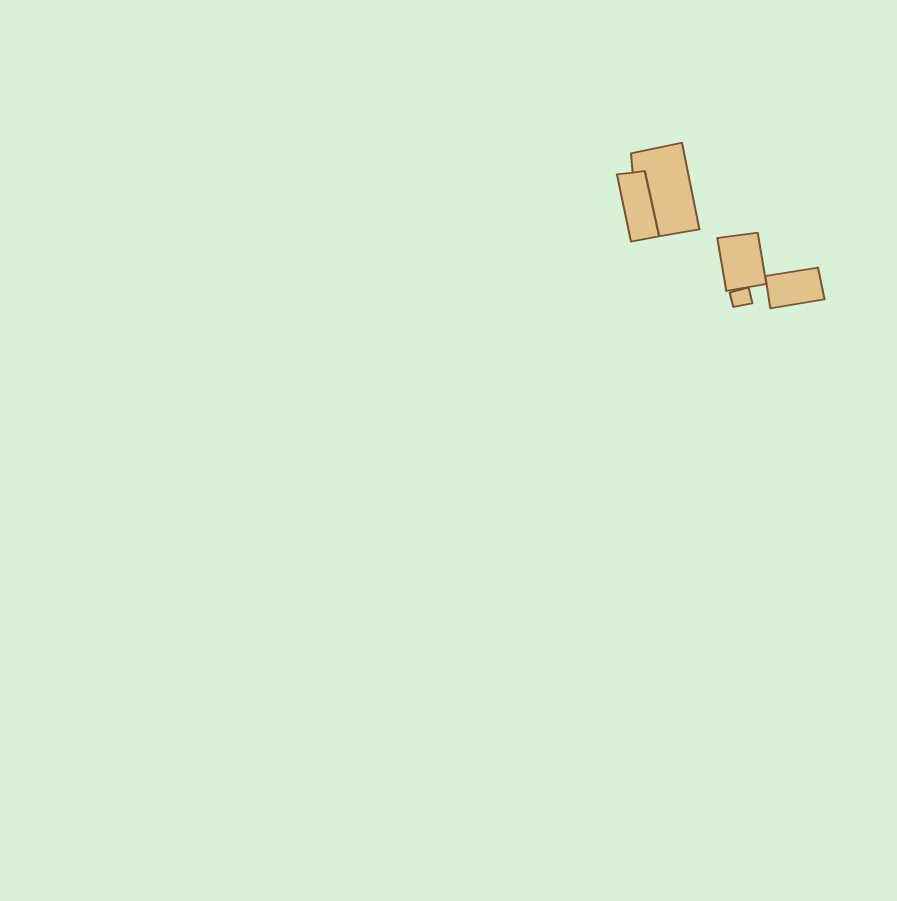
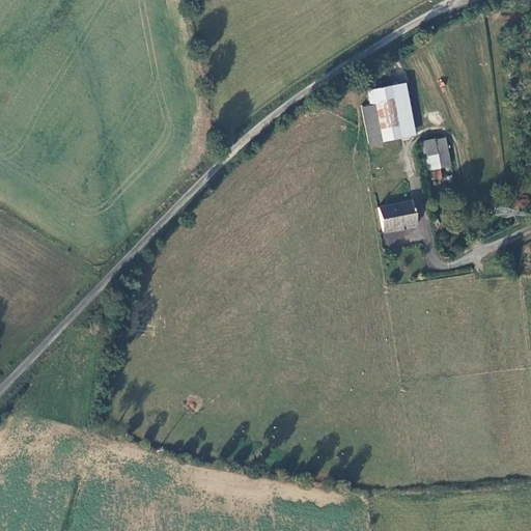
building: [765,267,825,308] -> none
building: none -> [379,201,417,231]

